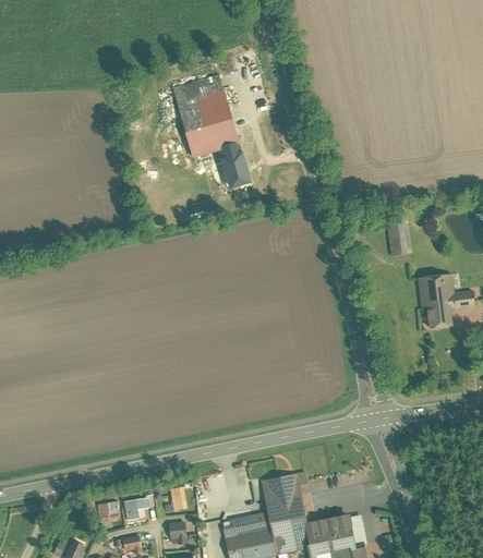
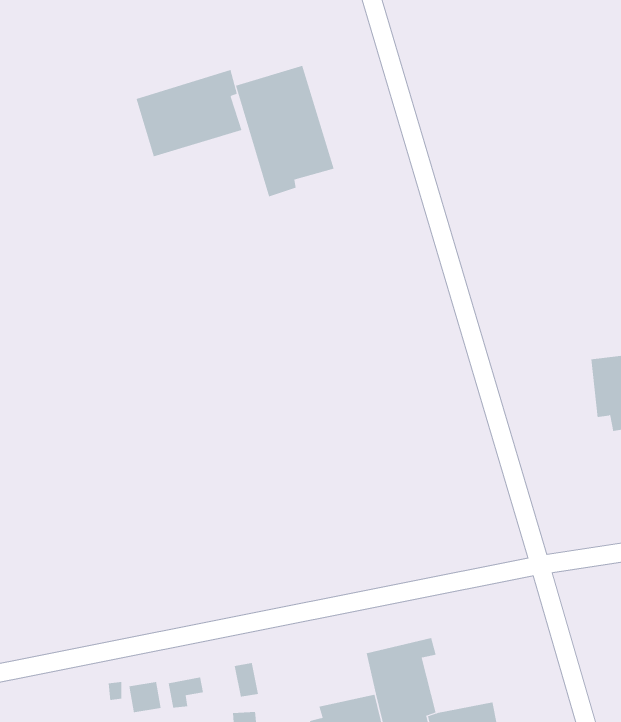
building: none -> [136,69,242,157]
building: [213,144,252,189] -> none
building: [385,216,407,254] -> none

